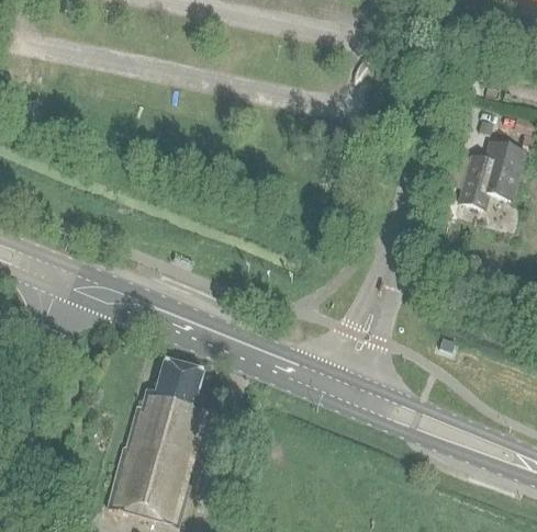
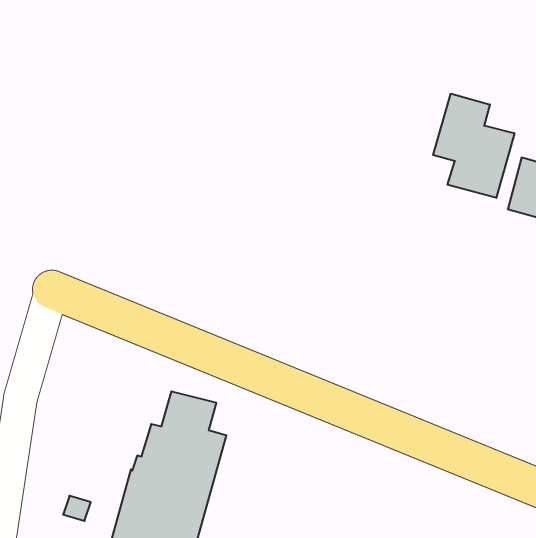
building: none -> [433,94,514,198]

